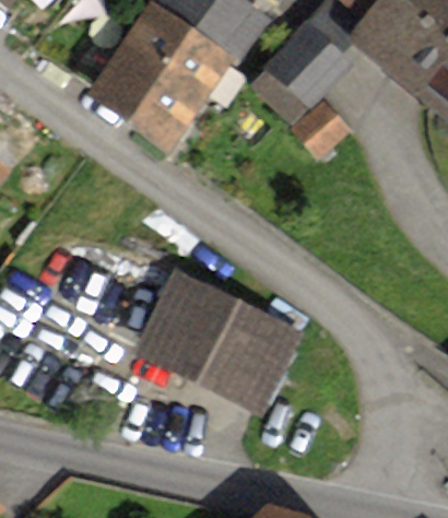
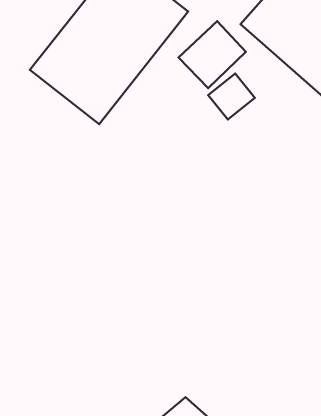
building: [129,266,304,414] -> none

